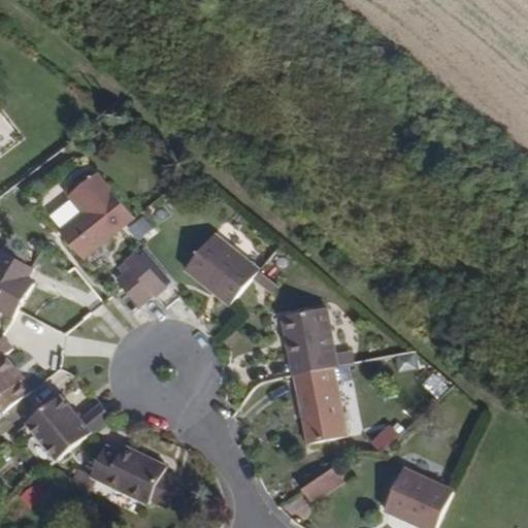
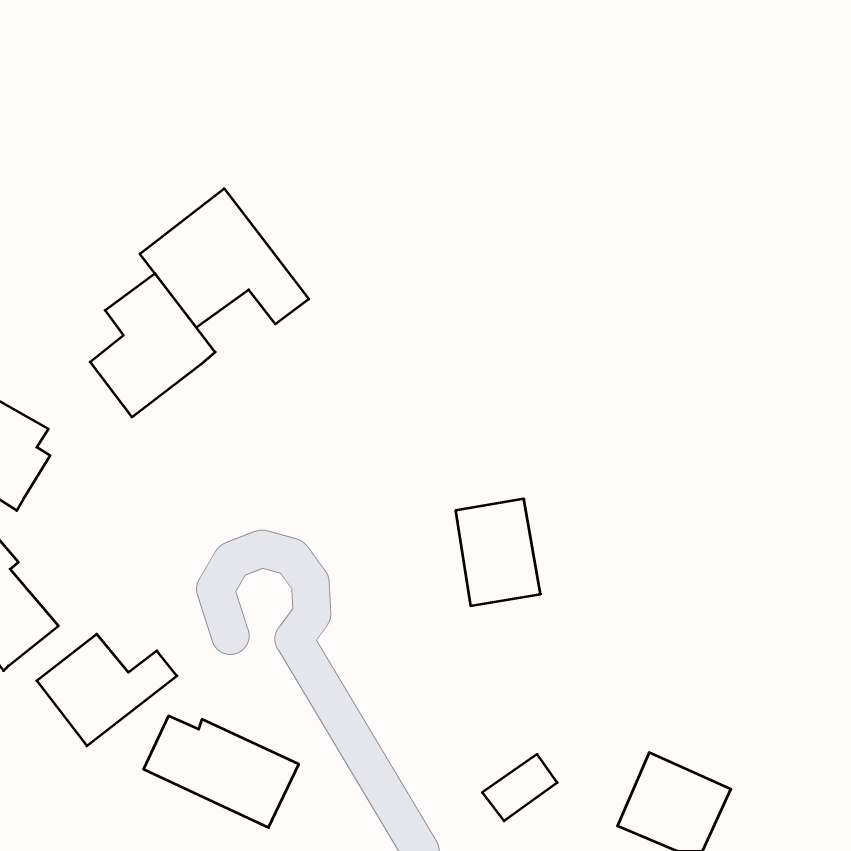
building: none -> [140,189,309,327]
building: [184,232,258,304] -> none
building: [109,244,169,305] -> none
building: [291,367,345,442] -> none

